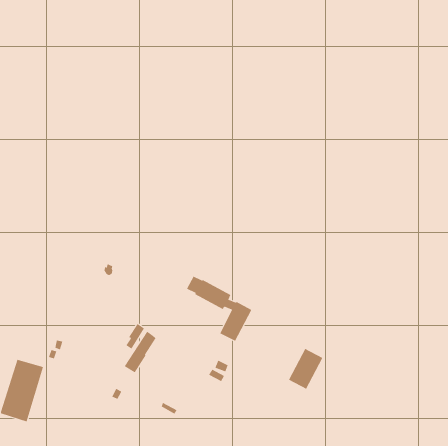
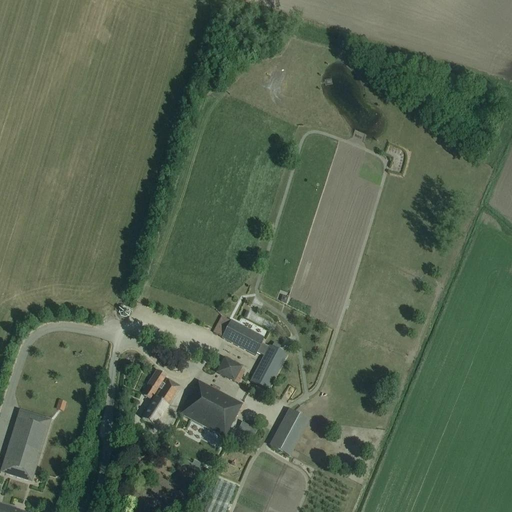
building: none -> [216,356,242,381]
building: none -> [181,379,243,435]
building: [288,348,323,389] -> [269,408,309,455]

